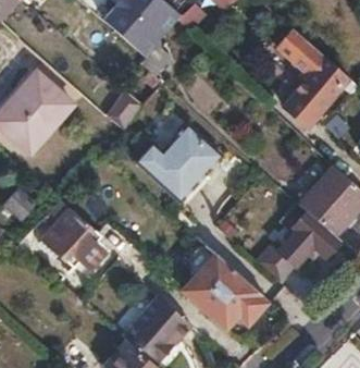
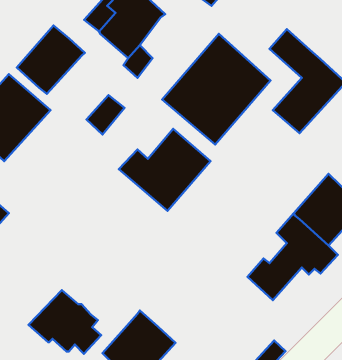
building: none -> [17,25,85,94]
building: none -> [162,34,270,145]
building: [38,208,107,268] -> [28,290,101,354]
building: [185,243,269,329] -> none

